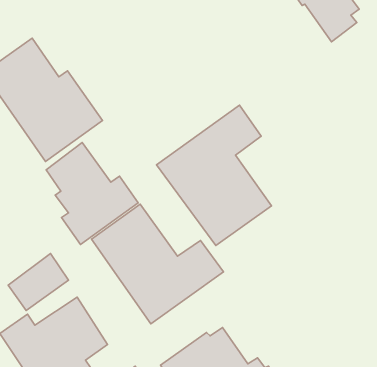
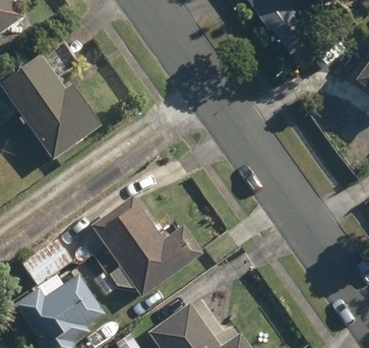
building: [156,105,272,245] -> none
building: [46,143,138,244] -> none

